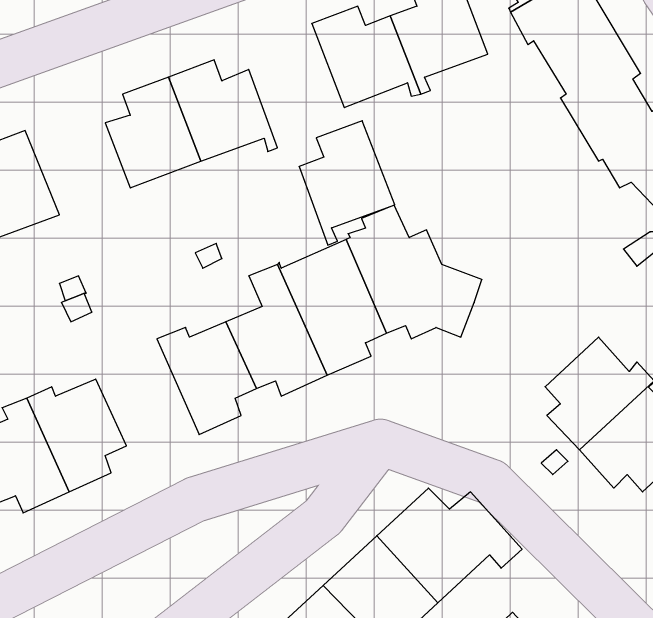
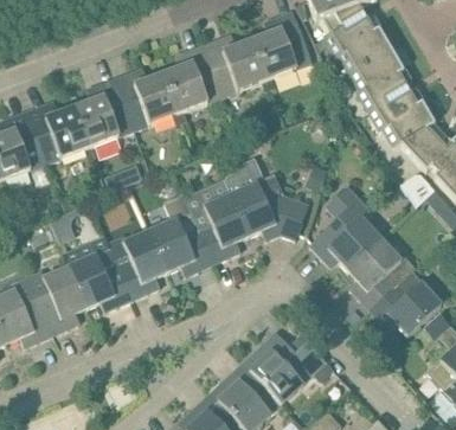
building: none -> [26,100,91,162]
building: [299,121,395,245] -> [165,44,224,121]
building: none -> [310,188,381,269]
building: none -> [64,233,134,310]

